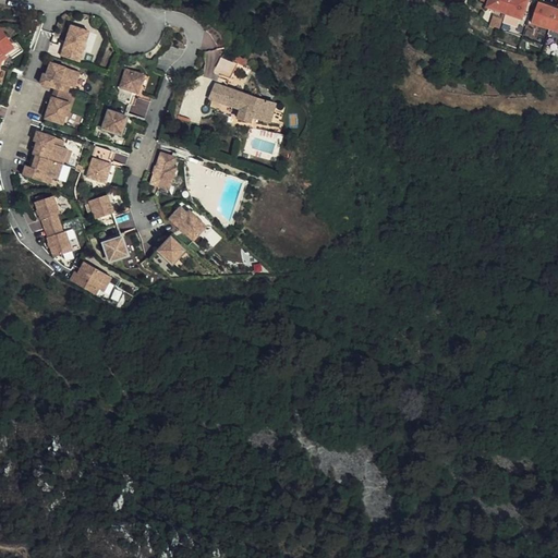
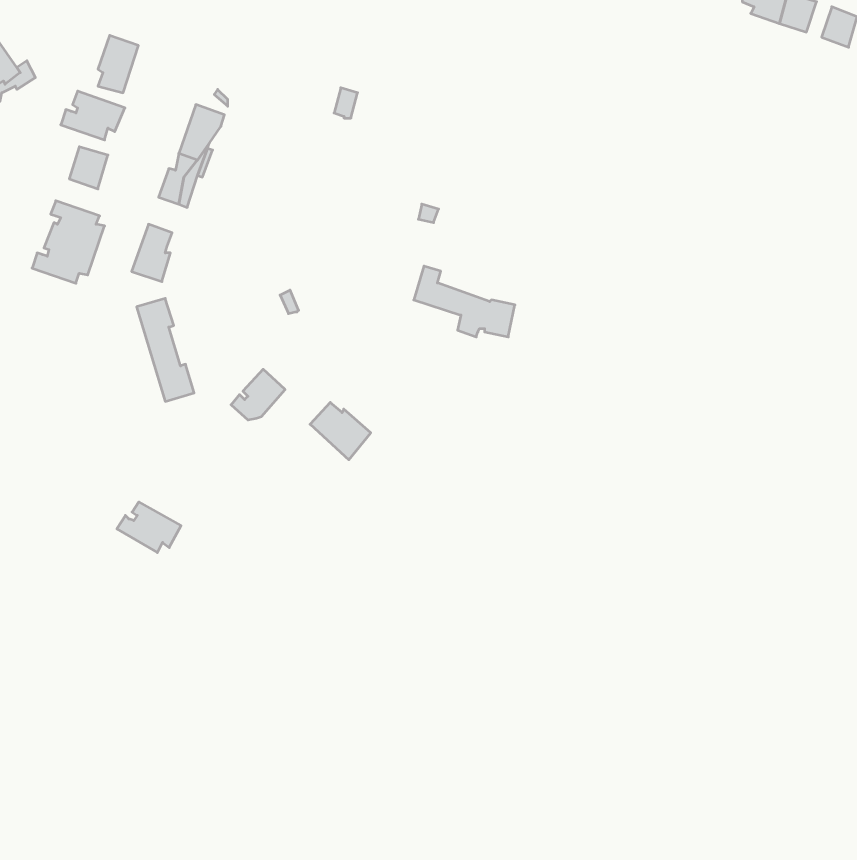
building: [208,76,274,122] -> [414,266,515,337]
building: [150,154,177,192] -> none
building: [33,193,71,255] -> none
building: [167,207,206,244] -> [310,402,371,460]
building: [68,260,109,293] -> [117,502,181,553]

